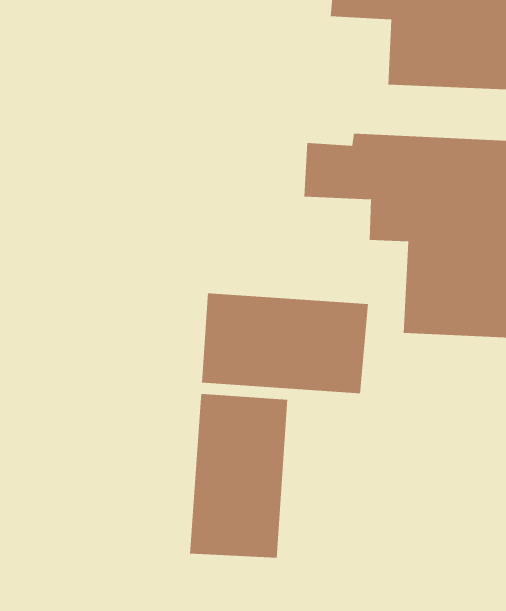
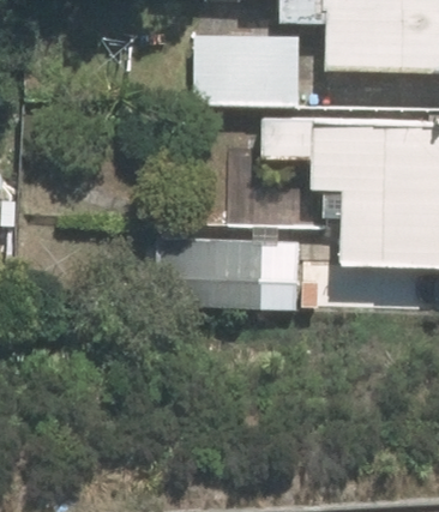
building: none -> [192,31,308,109]
building: [190,393,288,558] -> none

